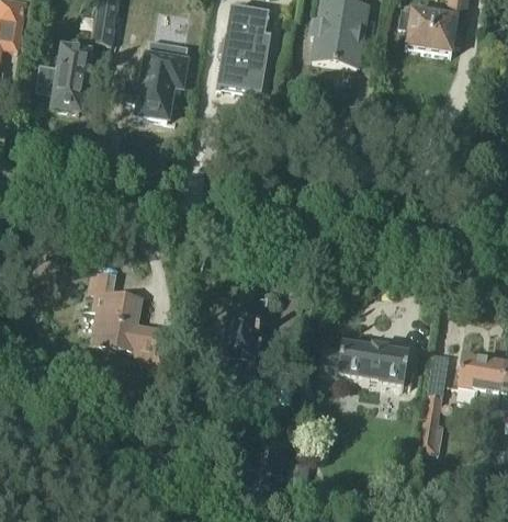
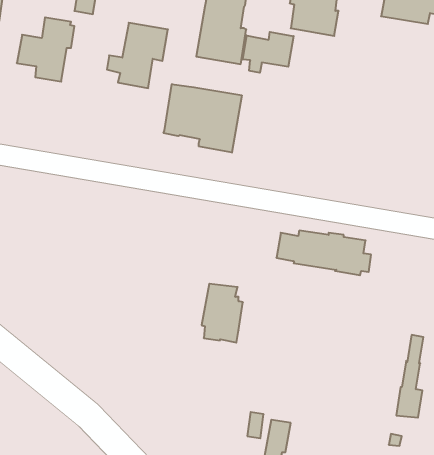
building: none -> [243,32,294,73]
building: none -> [164,84,242,153]
building: [89,268,173,371] -> none
building: [318,340,414,385] -> [276,231,371,275]

